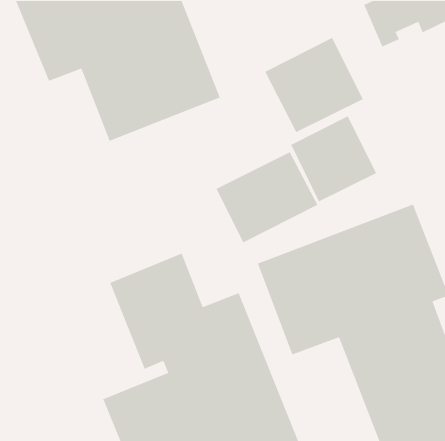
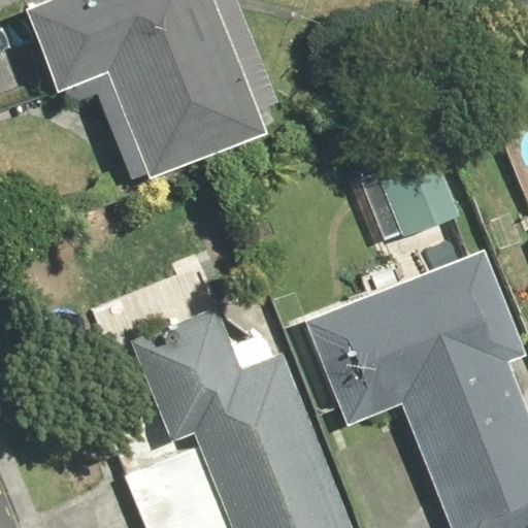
building: [264,37,364,133] -> none
building: [216,151,318,243] -> none

